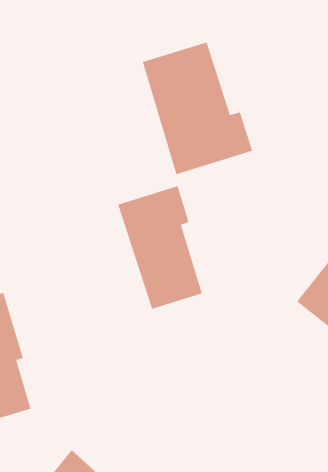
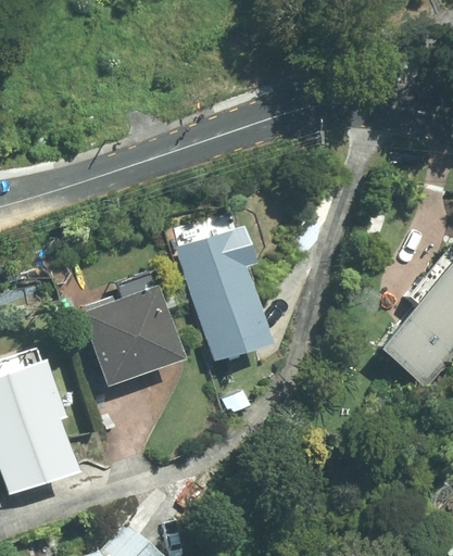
building: [142,41,253,175] -> none
building: none -> [80,270,186,390]

